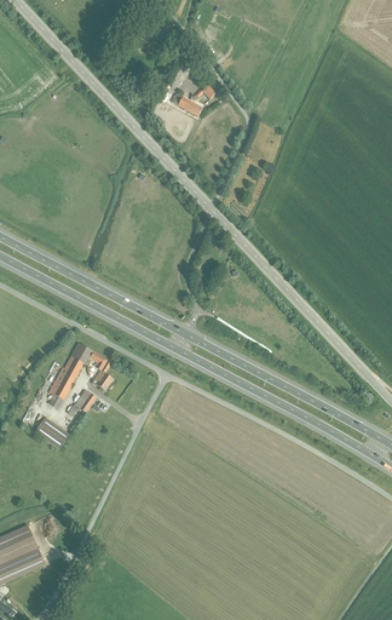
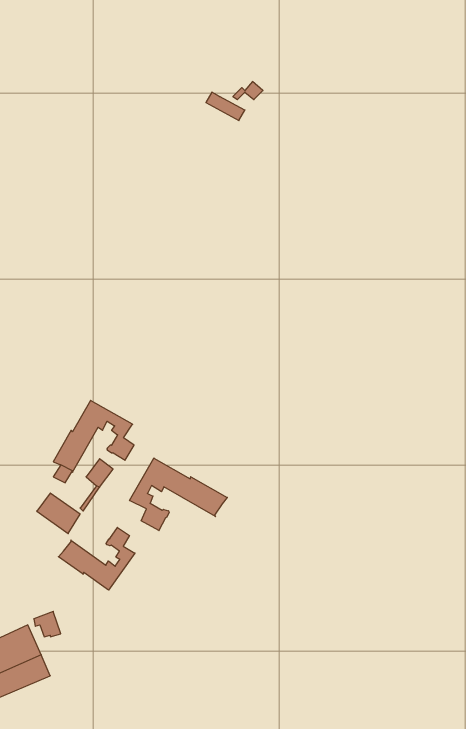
building: none -> [130,458,227,531]
building: none -> [58,527,135,590]

